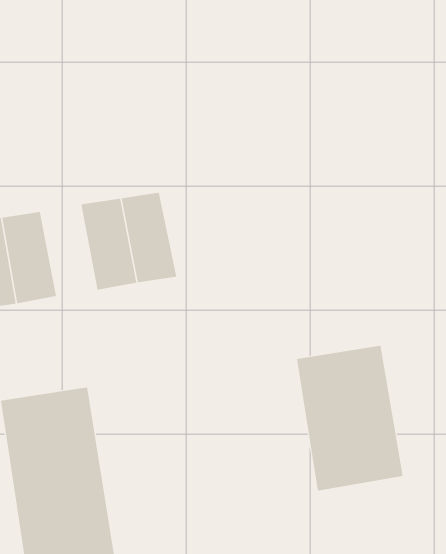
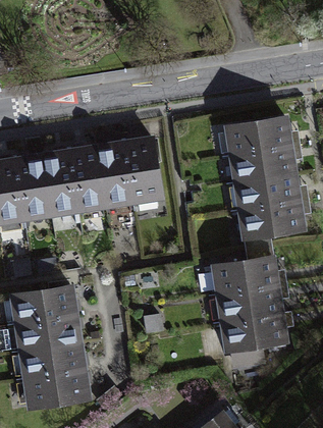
building: none -> [228,116,303,237]
building: none -> [120,144,160,206]
building: none -> [39,156,77,219]

